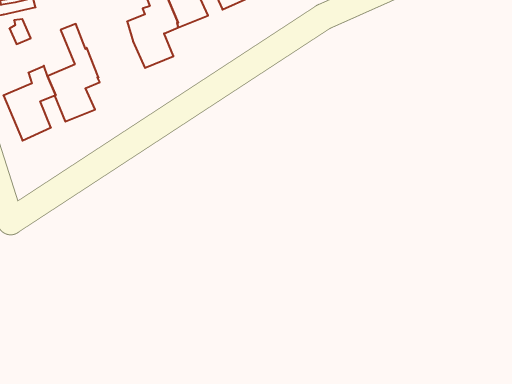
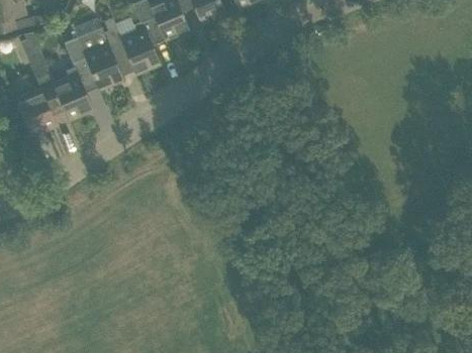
building: none -> [77,27,125,90]

